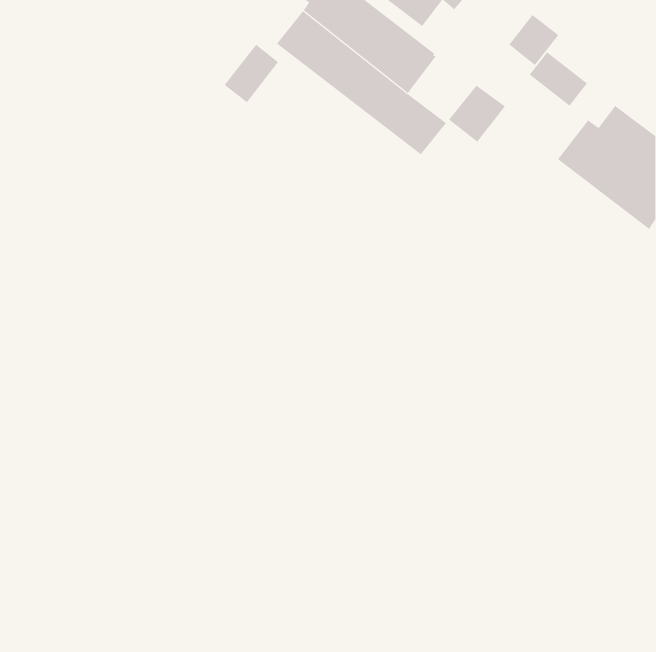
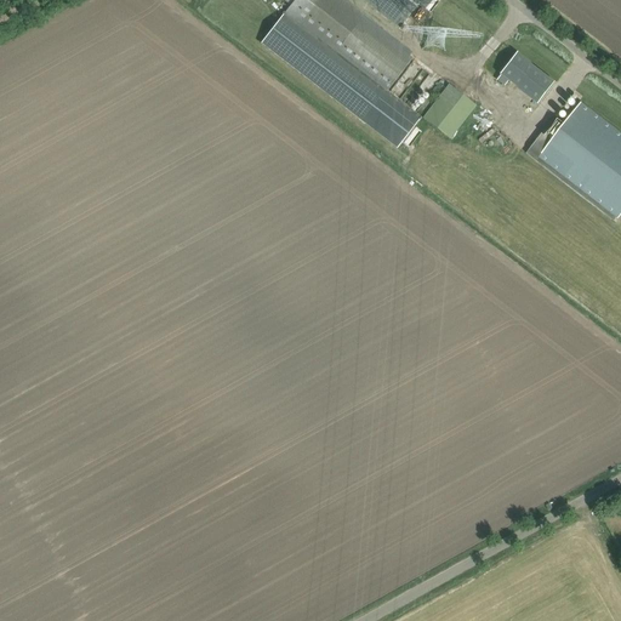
building: [508,14,559,66] -> none
building: [224,44,279,103] -> none

